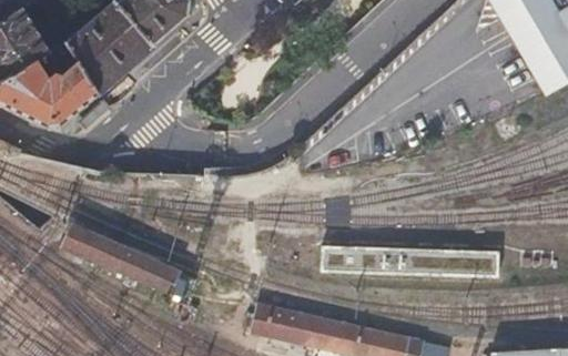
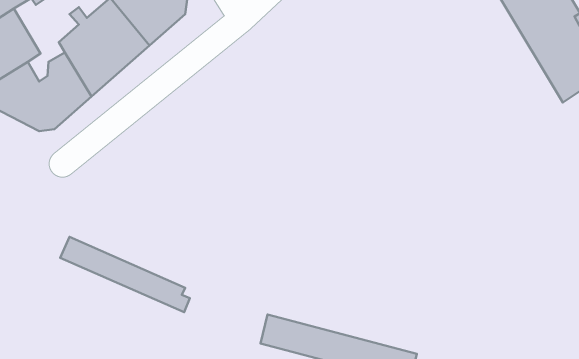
building: [322,246,499,277] -> none

